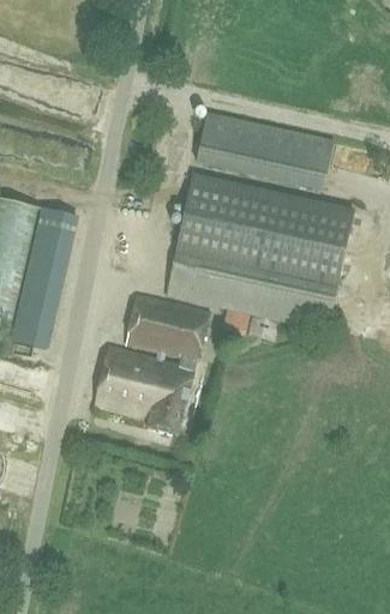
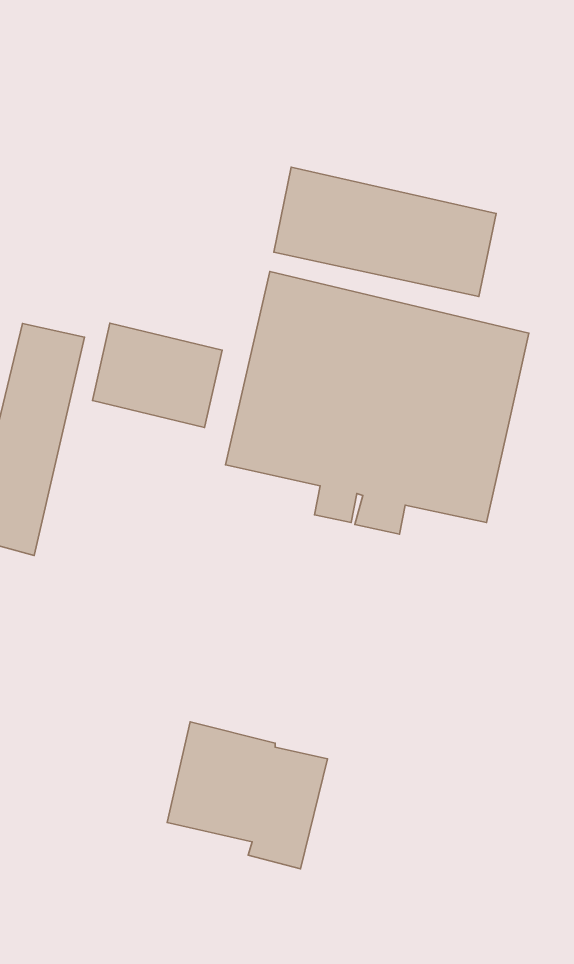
building: [128,293,209,357] -> [93,323,222,427]
building: [96,342,196,433] -> [167,722,327,869]

